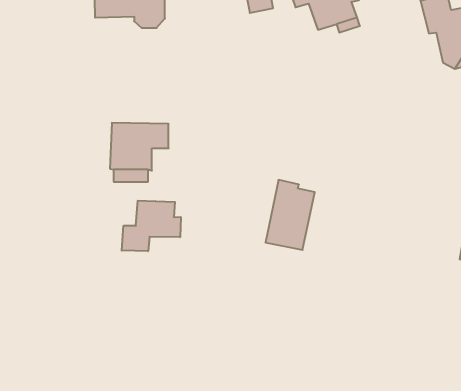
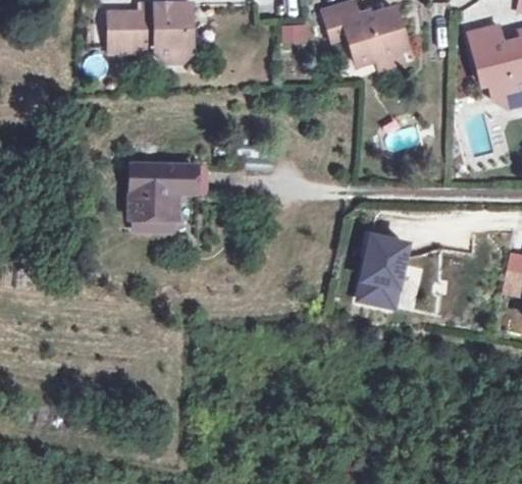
building: [265,180,315,250] -> [354,232,408,309]
building: [122,201,181,251] -> none

